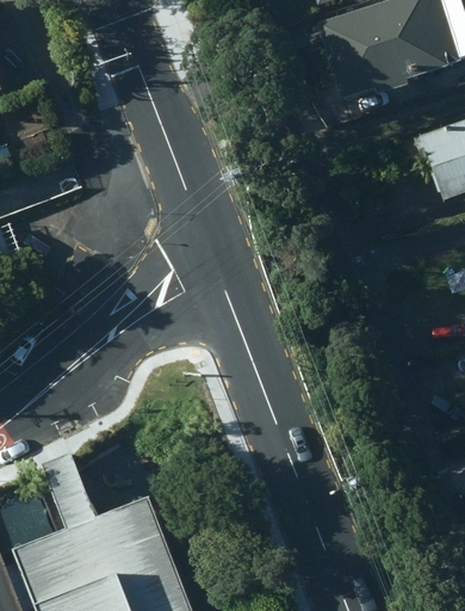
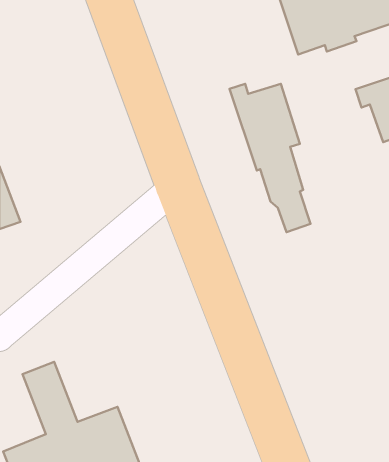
building: none -> [230,84,310,232]

